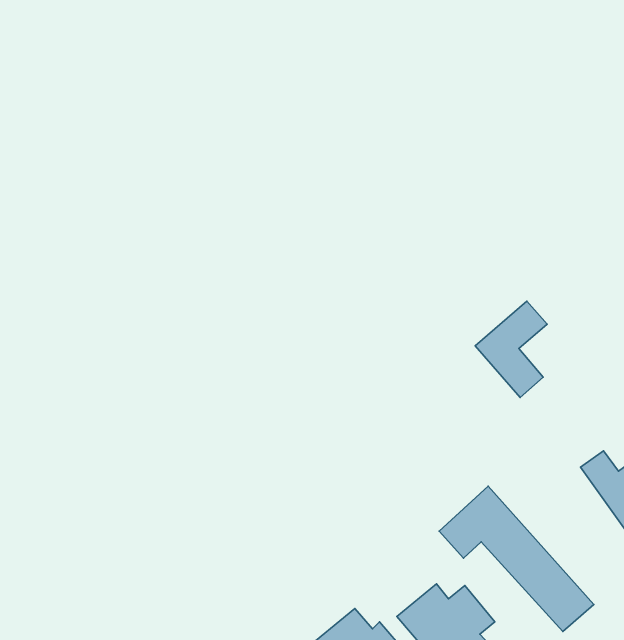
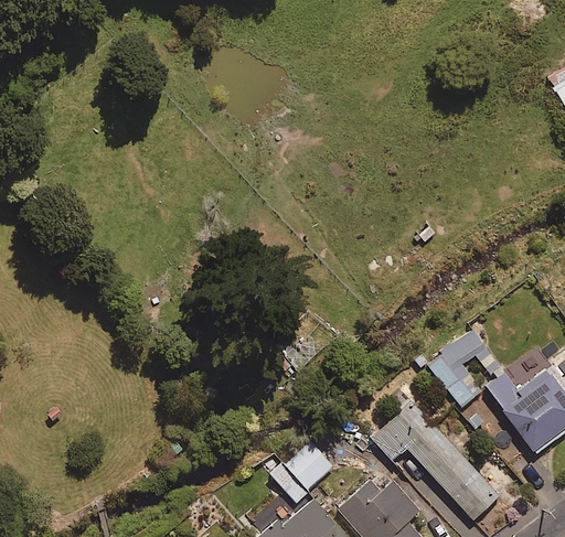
building: [475,301,547,397] -> [426,329,484,407]
building: none -> [273,442,332,503]

